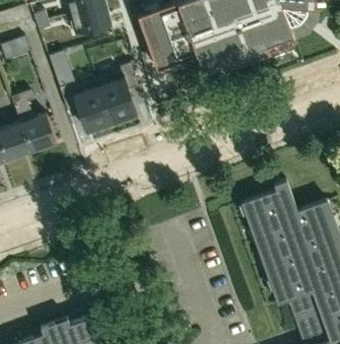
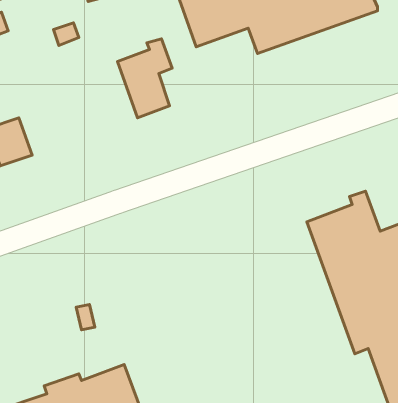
building: [59,80,112,132] -> none
building: [12,89,58,151] -> none

